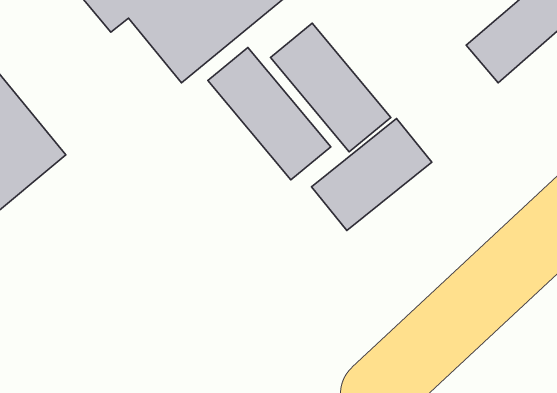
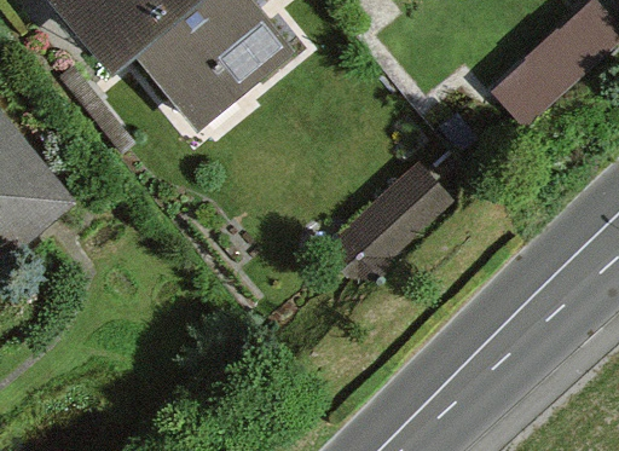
building: [270,23,391,152] -> none
building: [208,47,331,180] -> none

